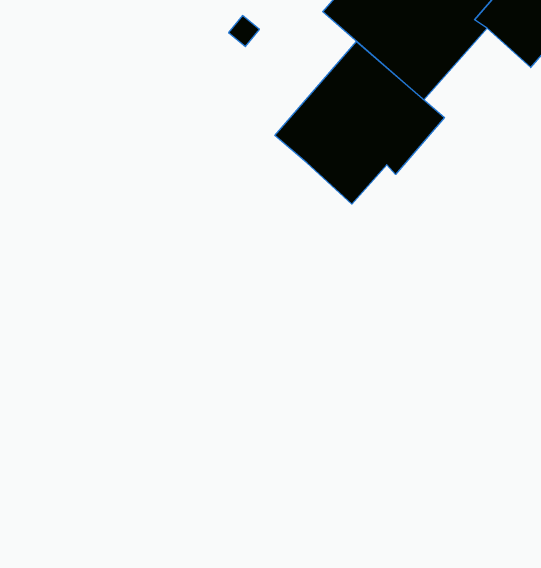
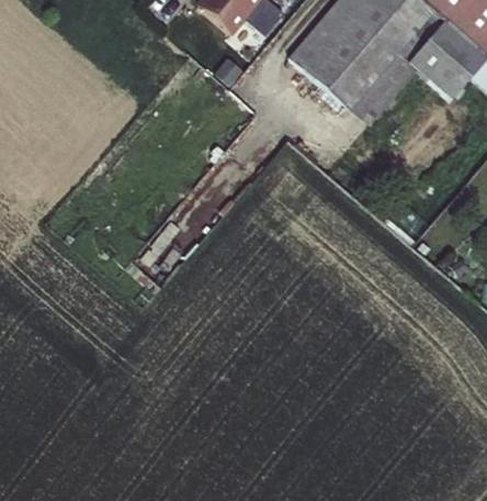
building: [275,42,444,204] -> none

